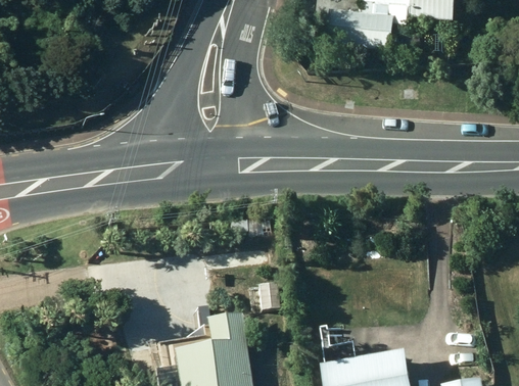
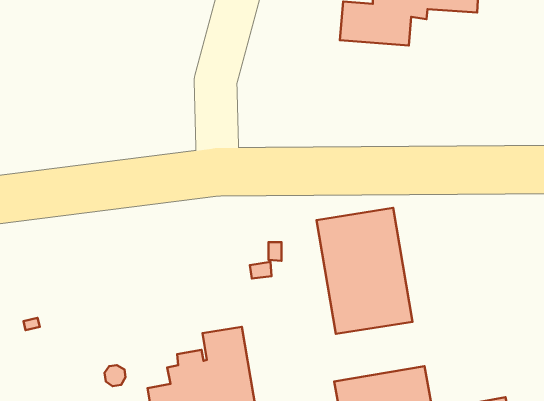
building: none -> [316,208,413,334]

